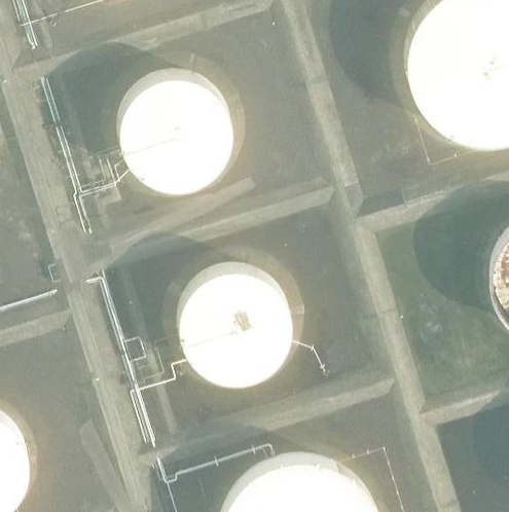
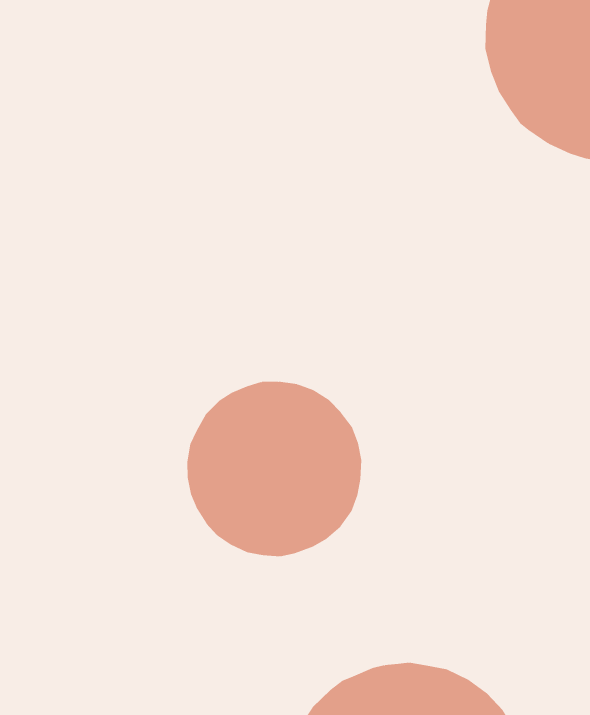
building: [120,76,239,193] -> none

